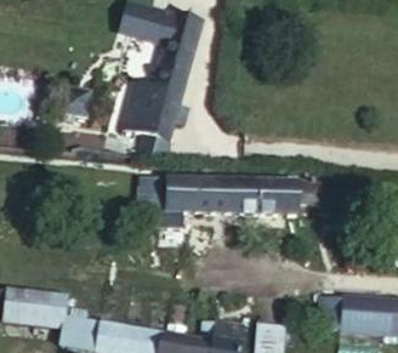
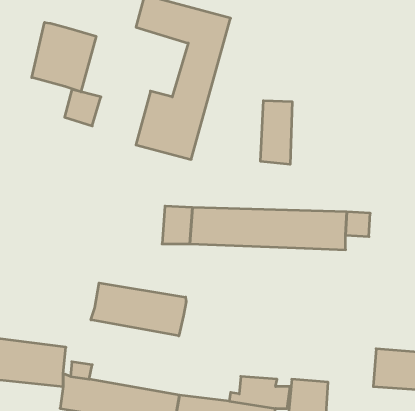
building: none -> [32,22,96,92]
building: none -> [261,101,292,164]
building: none -> [91,283,186,336]

